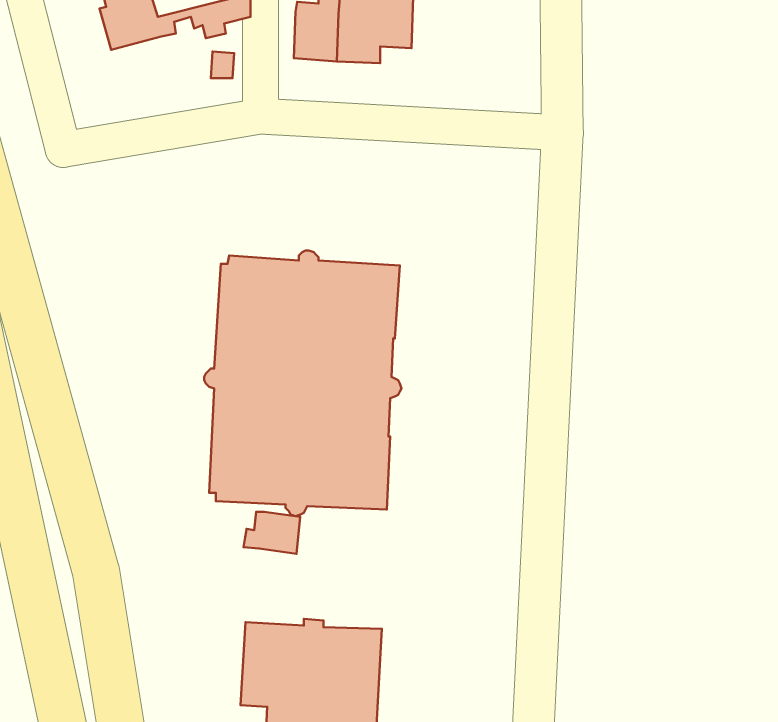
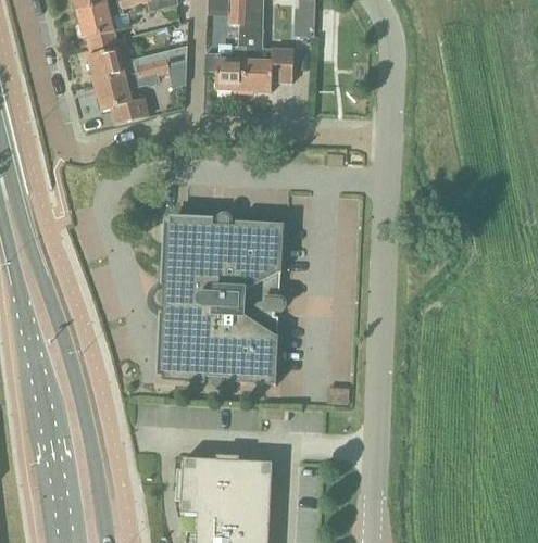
building: none -> [93,61,157,124]
building: [244,512,300,554] -> none

